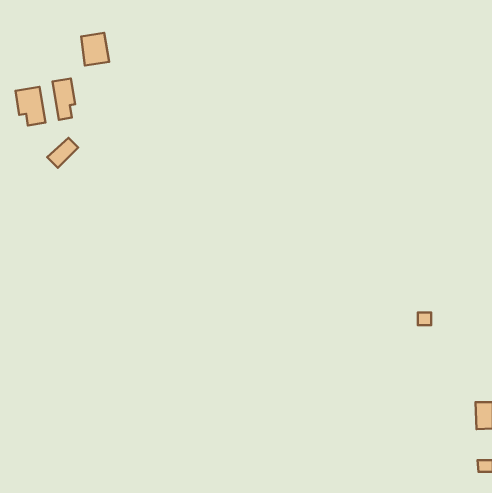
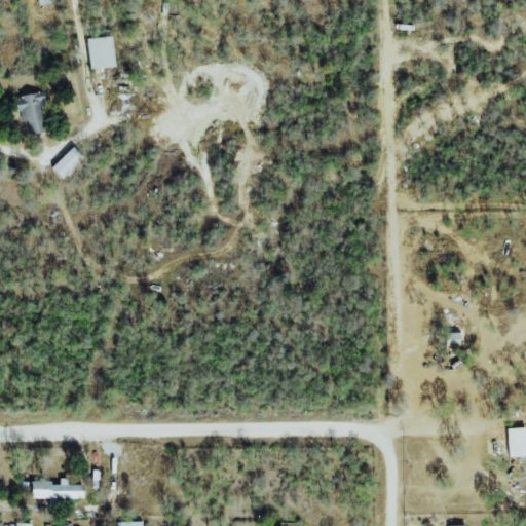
building: [53,79,75,120] -> none
building: none -> [32,478,84,499]

